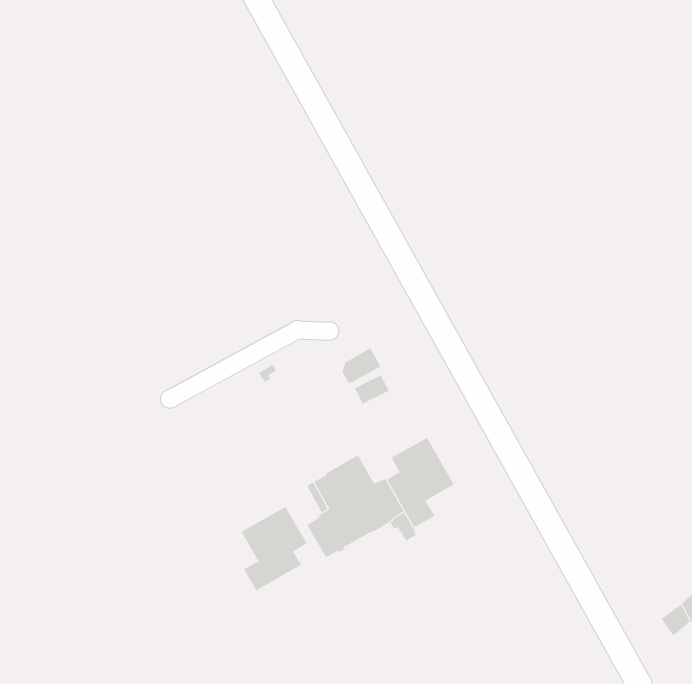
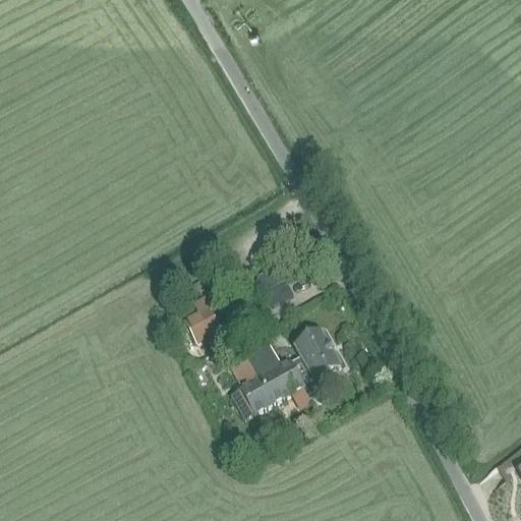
building: none -> [185,293,221,340]
building: [241,506,308,591] -> none

